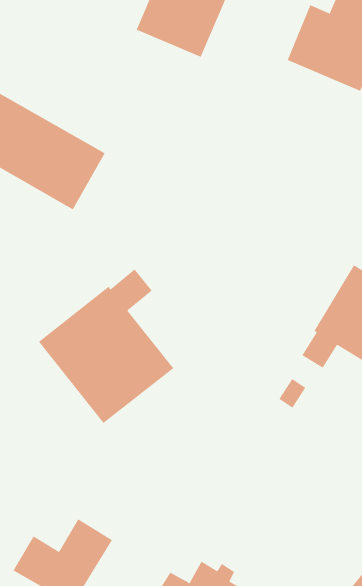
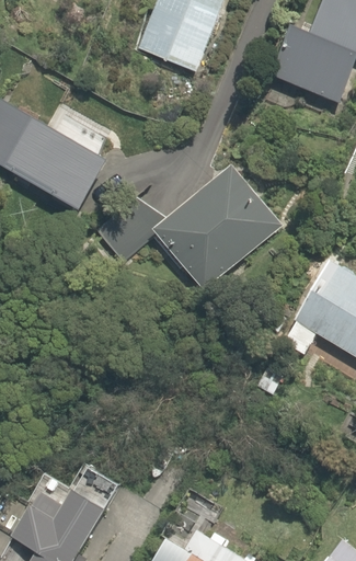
building: none -> [91,164,282,290]
building: [38,269,174,424] -> none

